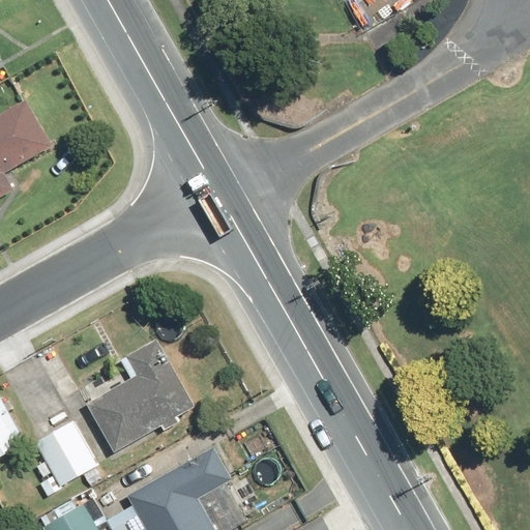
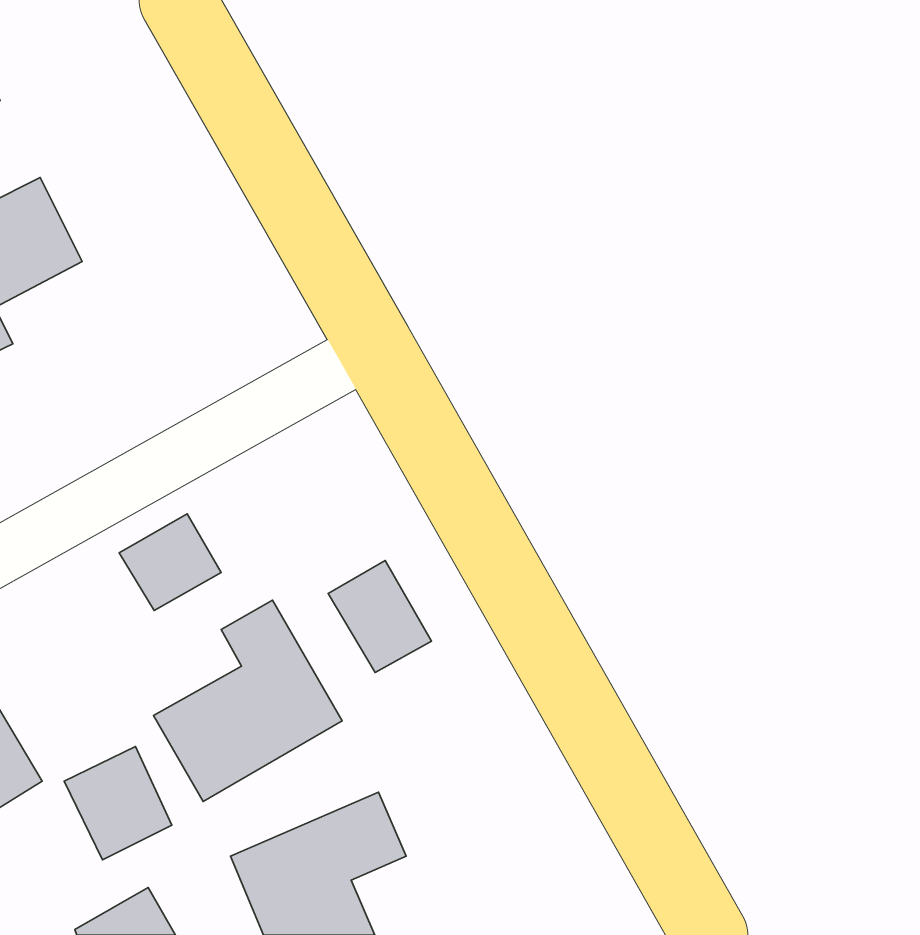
building: none -> [119,514,221,610]
building: none -> [328,561,431,673]

